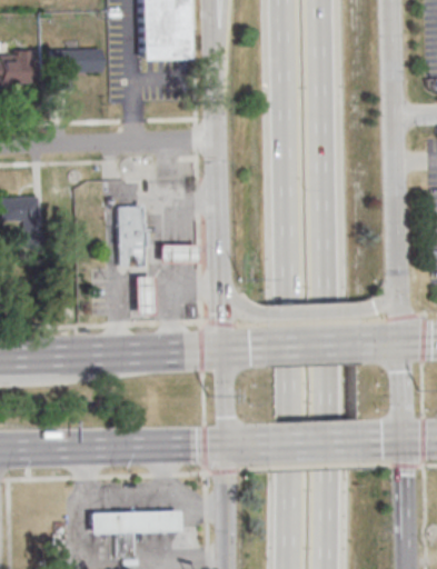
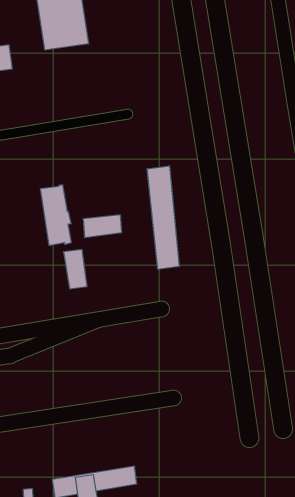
building: none -> [147,166,179,269]

